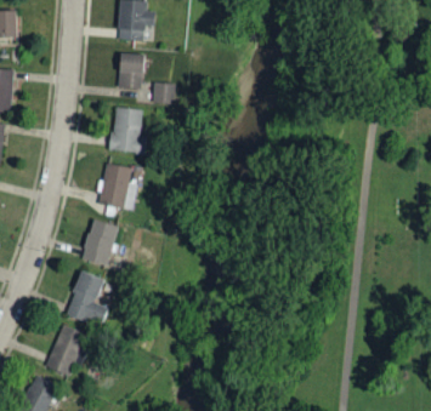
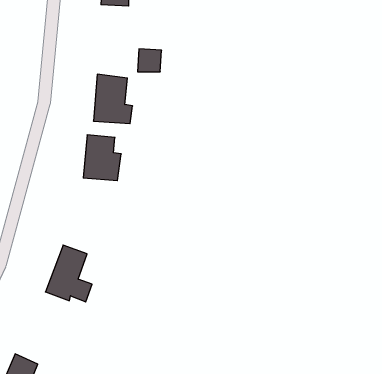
building: [118,53,144,90] -> none
building: [83,221,118,267] -> none
building: [46,325,86,377] -> none

